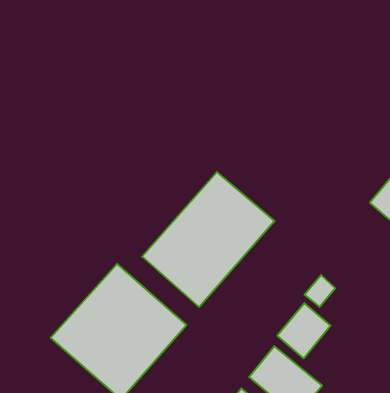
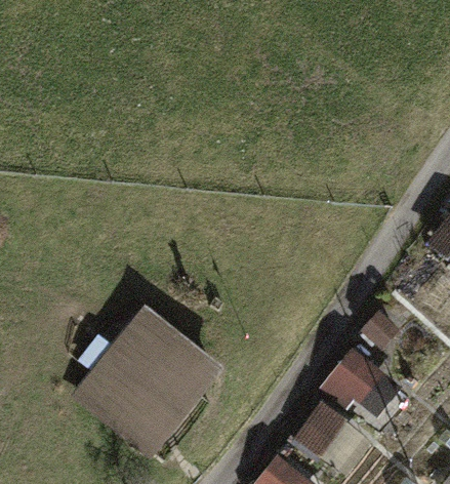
building: [142,172,275,307] -> none

